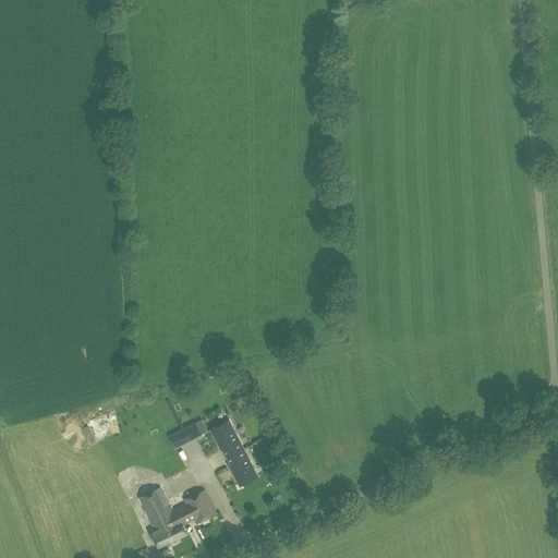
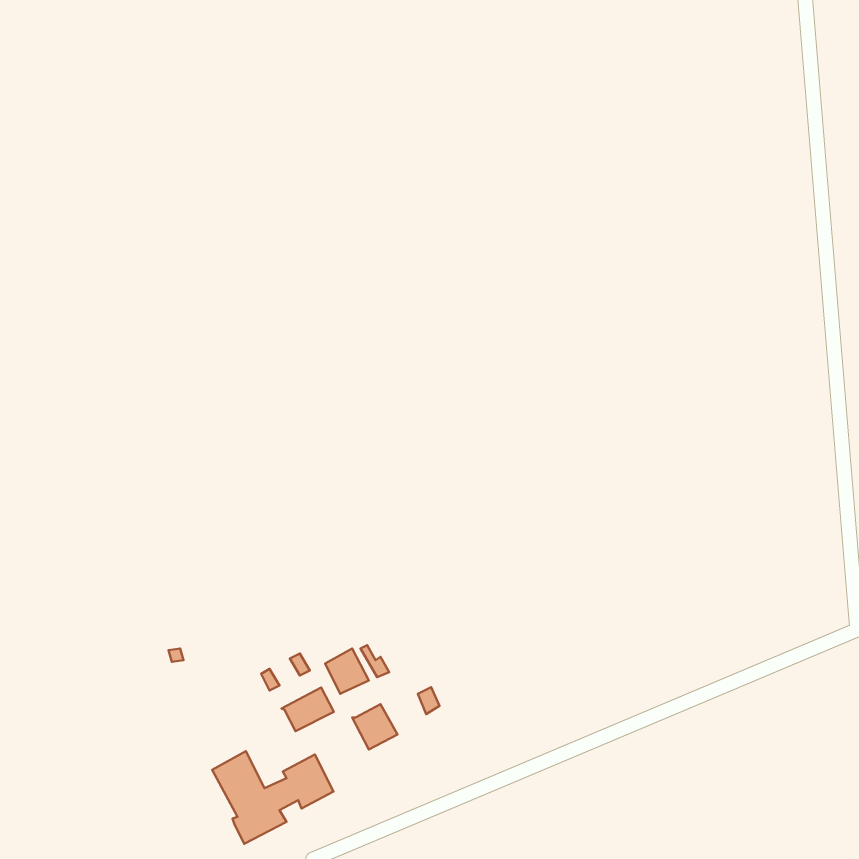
building: none -> [282,688,334,731]

